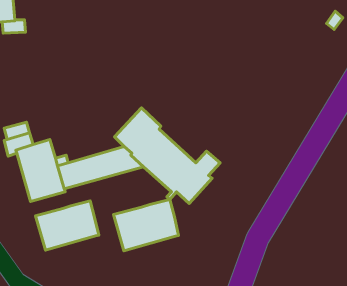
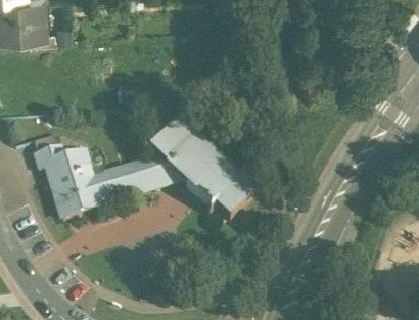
building: [113,200,179,251] -> none
building: [35,201,99,250] -> none

